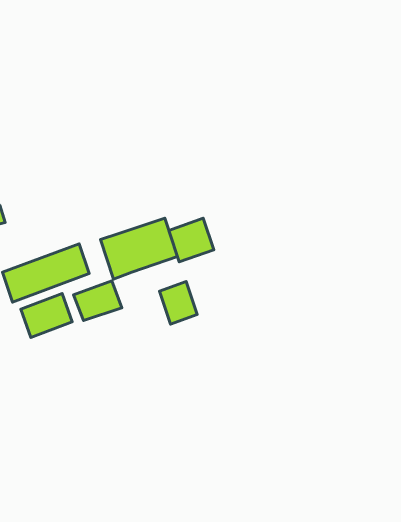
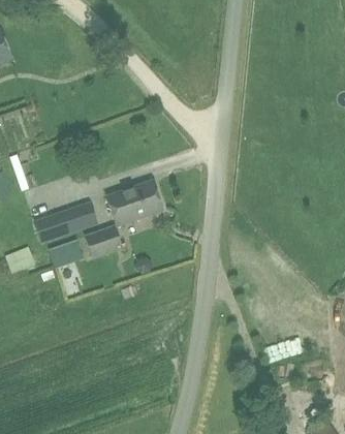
building: [169,218,214,262] -> none
building: [160,282,197,324] -> none

